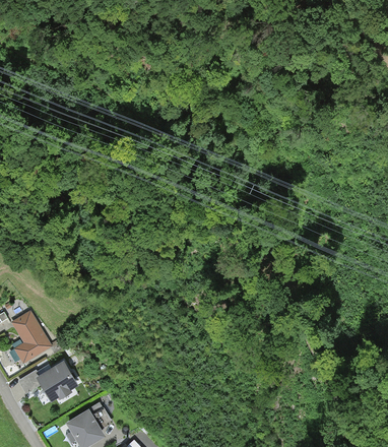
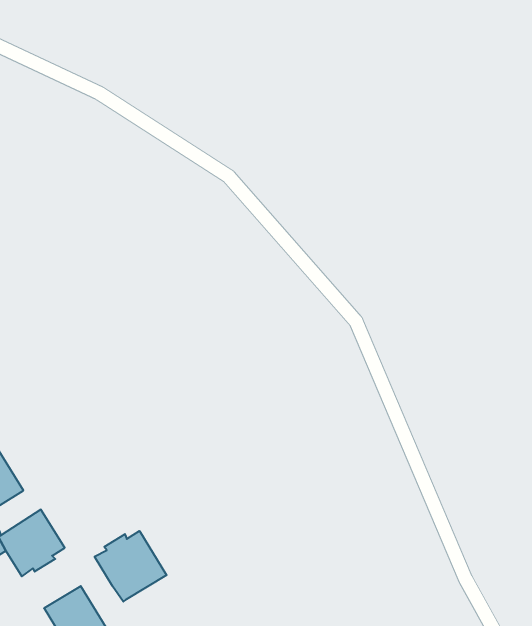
building: none -> [95,531,167,602]

